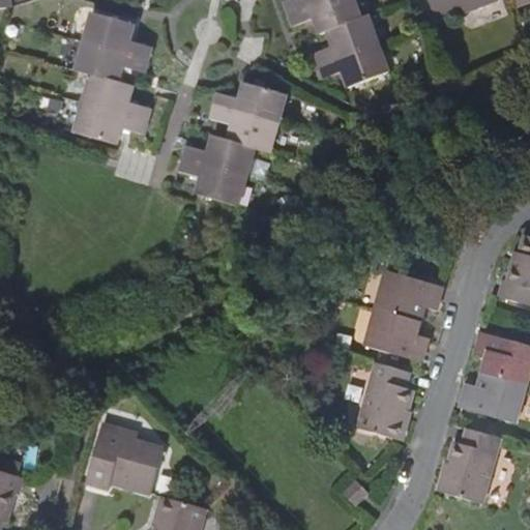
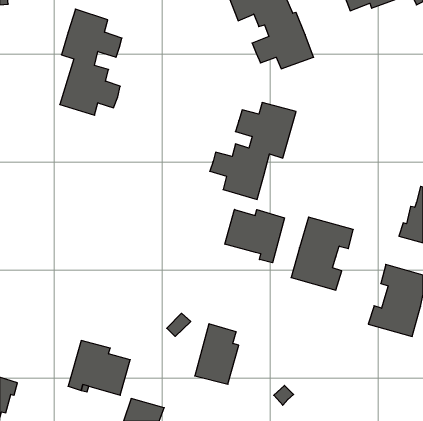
building: [180,84,288,205] -> [210,103,296,199]
building: none -> [225,209,284,263]
building: [356,363,411,439] -> [195,324,239,384]
building: [439,426,500,502] -> none

